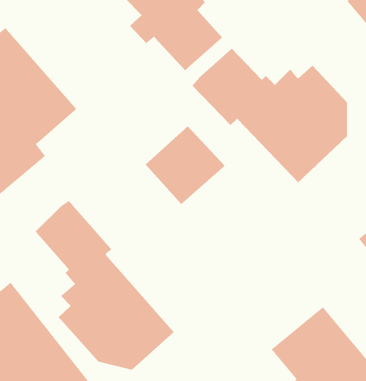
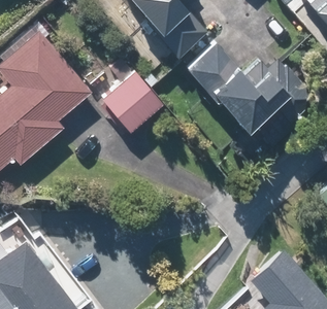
building: [145,126,226,205] -> [100,72,164,135]
building: [35,200,174,370] -> none

